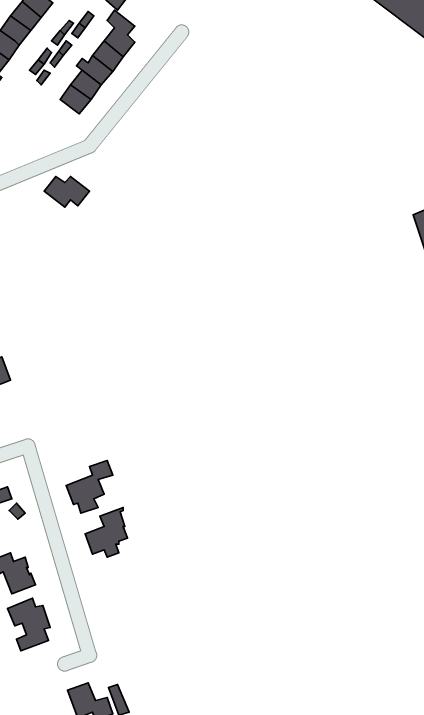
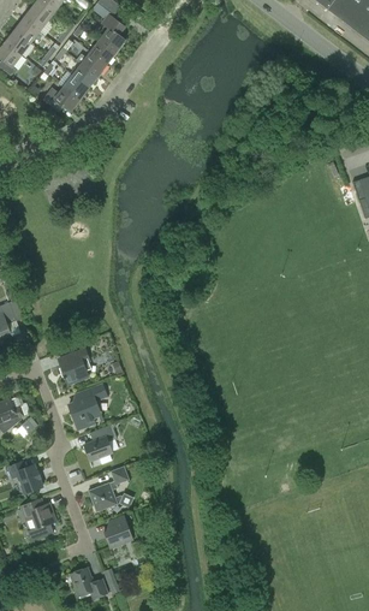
building: [44,176,90,207] -> [42,87,79,112]
building: none -> [60,348,91,384]
building: none -> [88,465,133,511]
building: none -> [103,515,133,547]

